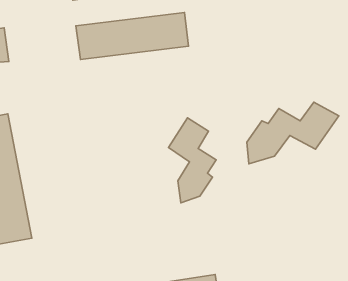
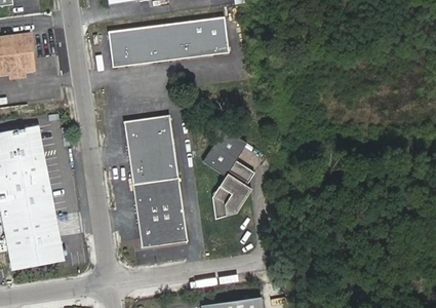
building: [247,102,339,164] -> none
building: none -> [125,115,188,245]

